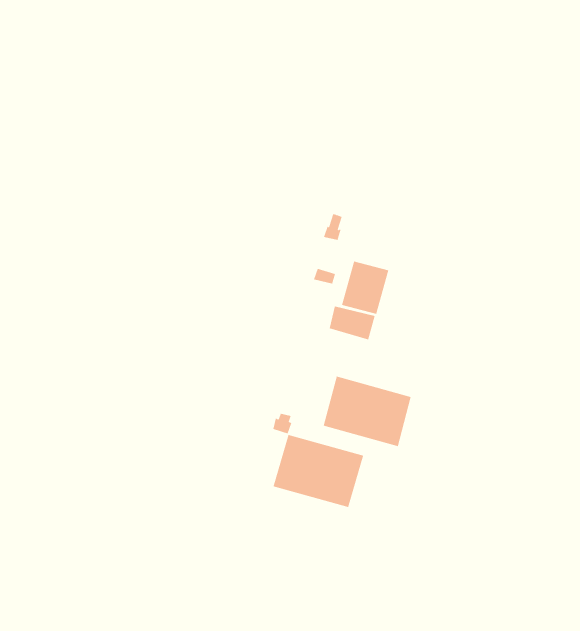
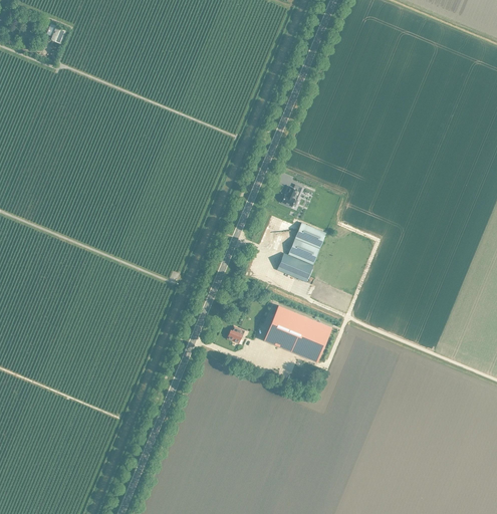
building: [273,434,364,508] -> none

